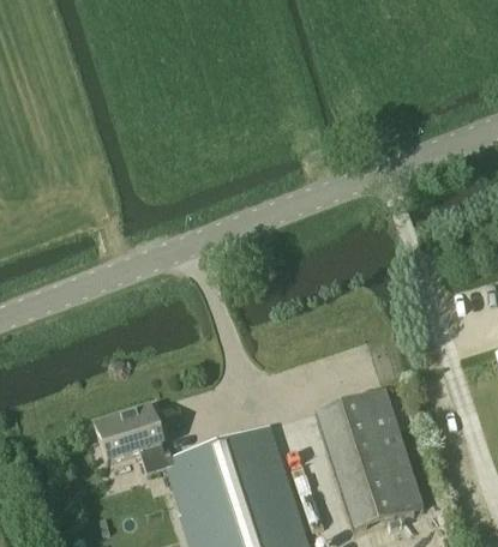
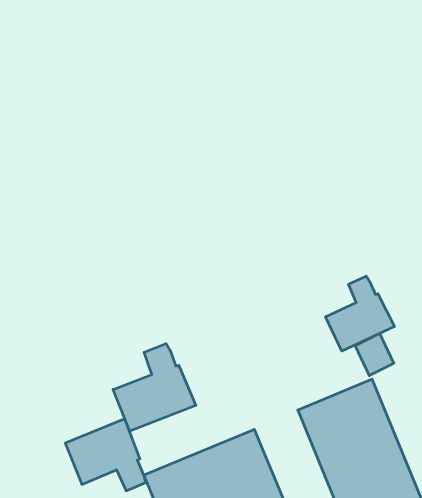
building: none -> [326,276,394,351]
building: none -> [113,344,196,431]

